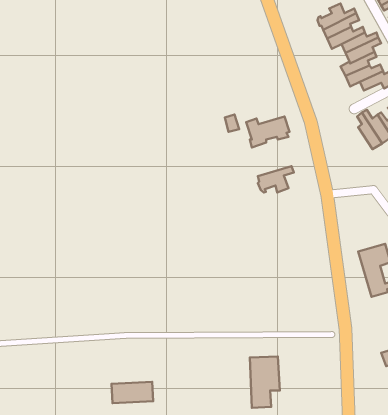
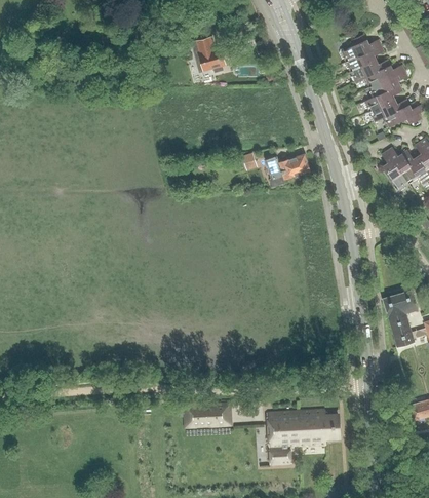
building: none -> [196,37,226,73]
building: [258,166,294,193] -> none
building: none -> [298,408,340,446]
building: [112,382,153,403] -> [186,403,230,425]

